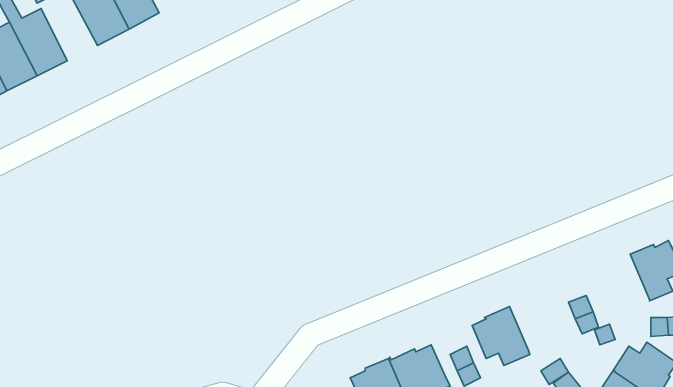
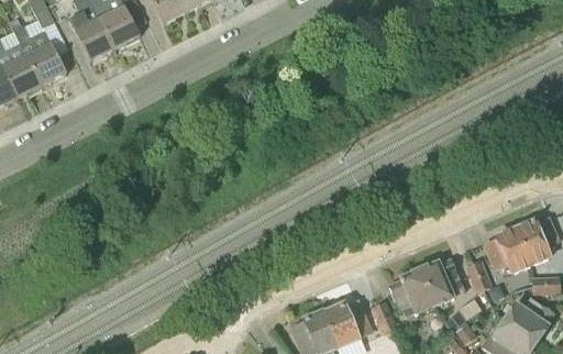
building: none -> [485,228,531,274]
building: none -> [419,258,464,308]

